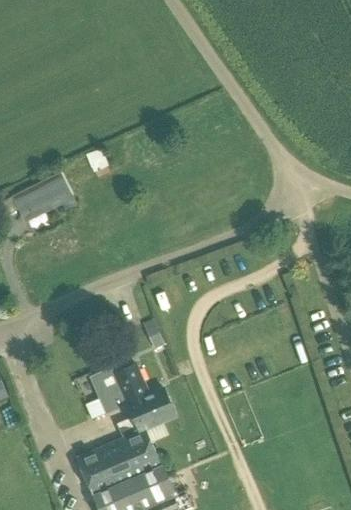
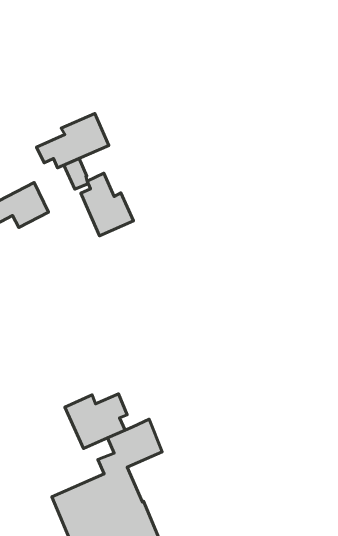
building: none -> [37,113,109,168]
building: none -> [81,173,133,236]

